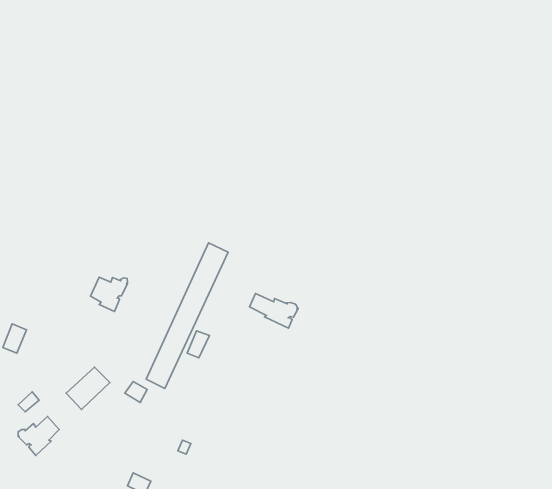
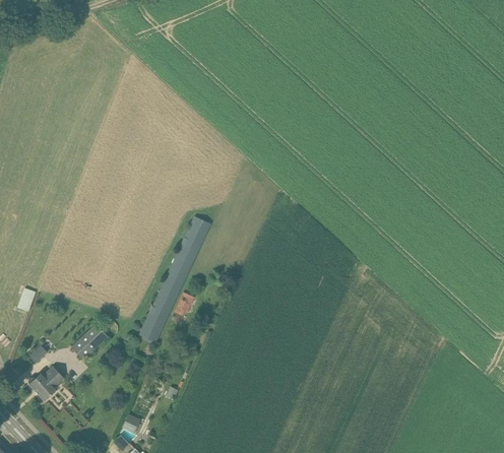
building: [90,277,128,311] -> none
building: [249,294,298,328] -> none

